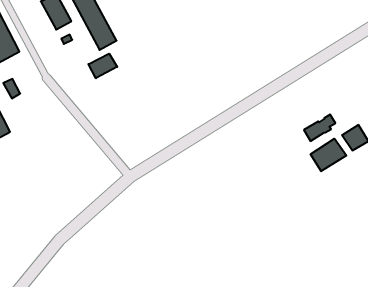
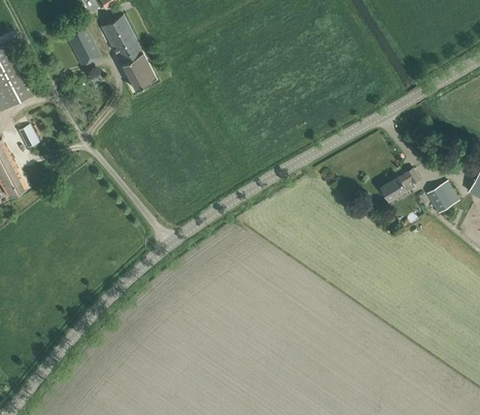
building: [88,54,117,78] -> none
building: [311,139,346,171] -> none

